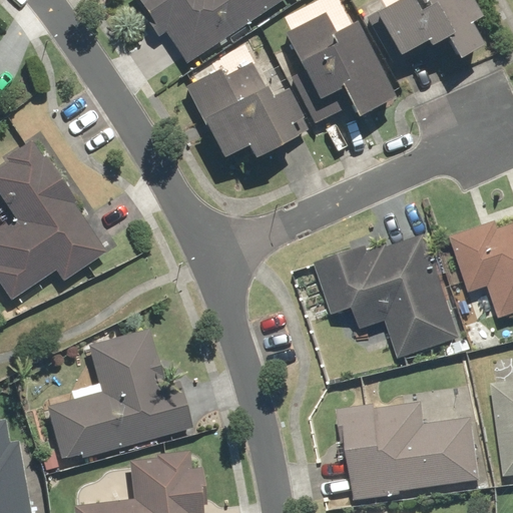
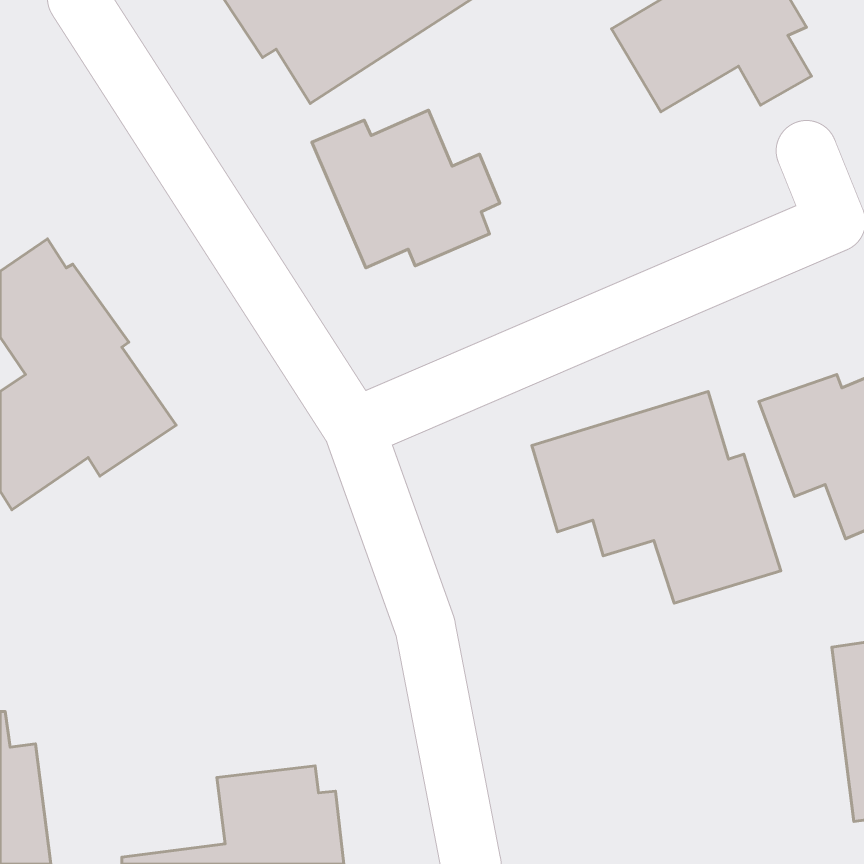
building: [280,12,388,123] -> none
building: [44,329,189,460] -> none
building: [339,401,483,503] -> none

